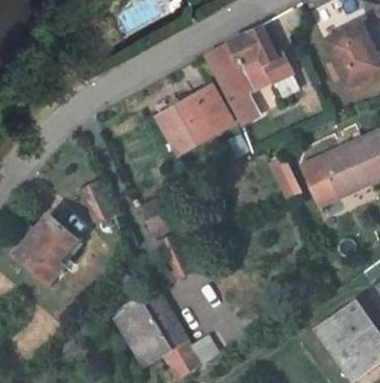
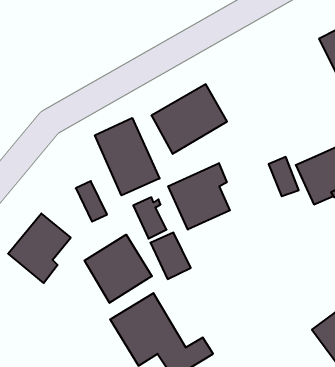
building: [204,26,298,124] -> none
building: none -> [95,118,160,195]
building: none -> [168,163,230,230]
building: none -> [85,235,152,303]

